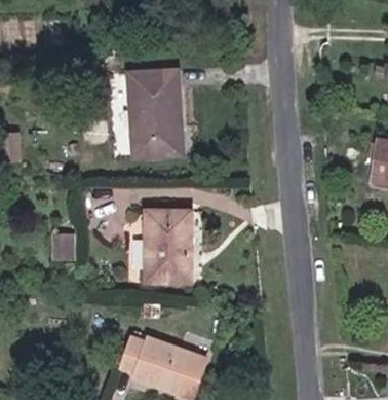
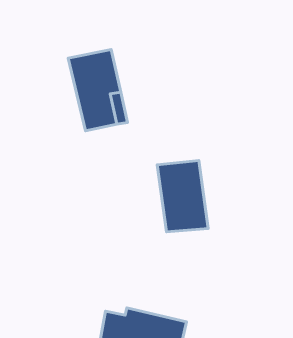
building: [151,211,195,284] -> [157,160,208,232]

